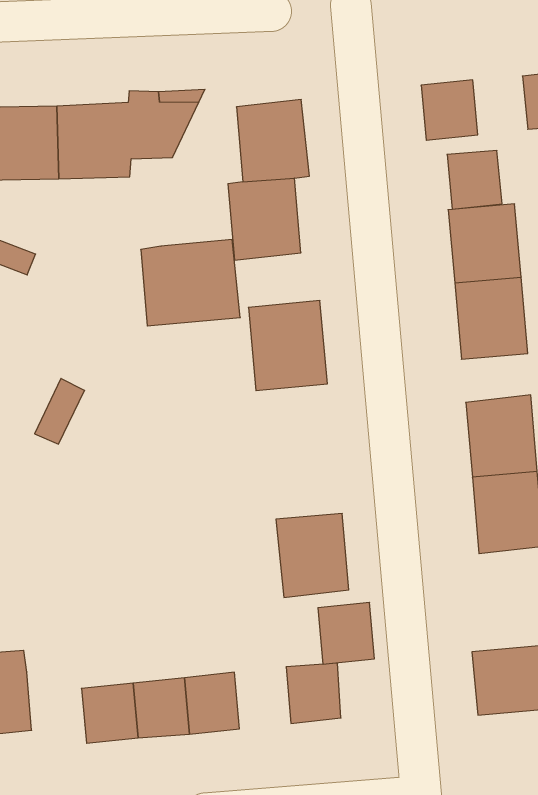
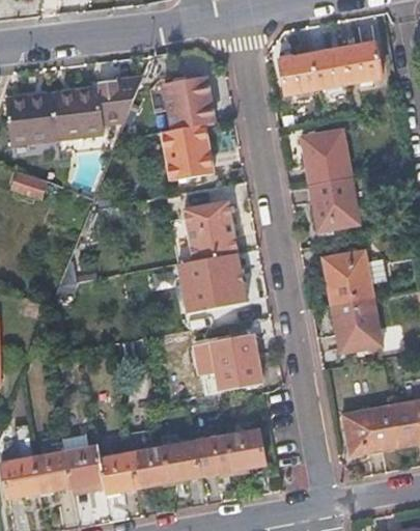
building: [447,151,502,209] -> [310,49,347,88]
building: [141,239,240,326] -> [178,253,245,312]
building: [318,602,374,664] -> [193,434,231,475]
building: none -> [62,446,102,495]

